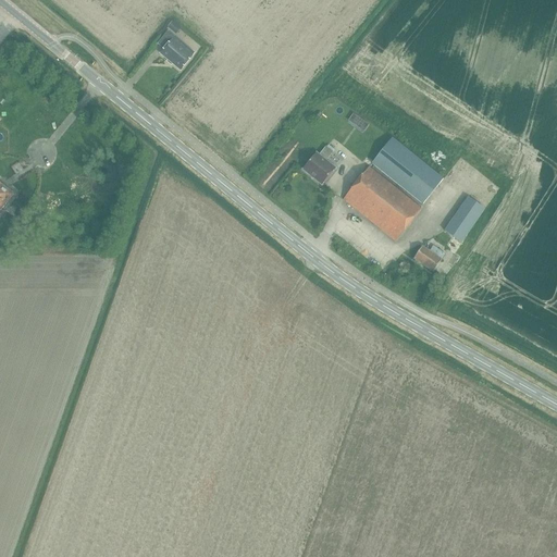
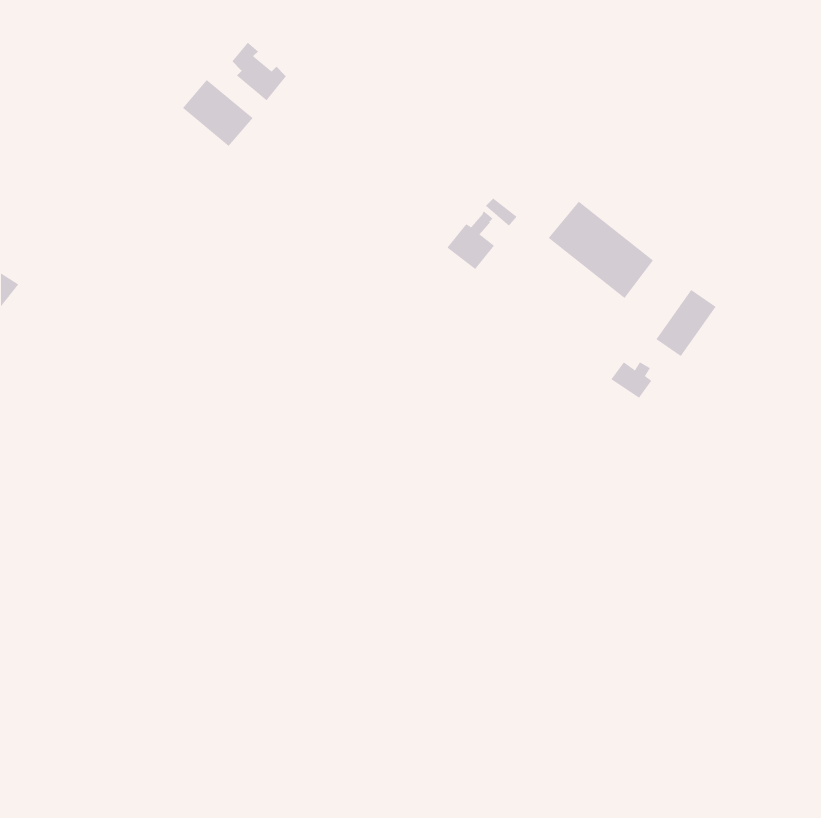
building: none -> [182,79,253,147]
building: [343,165,421,239] -> none

